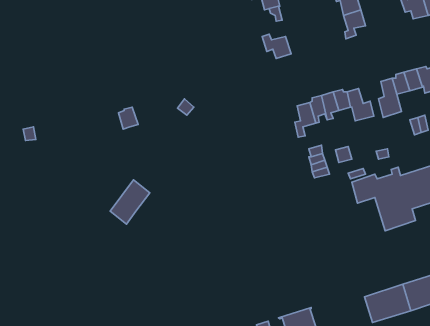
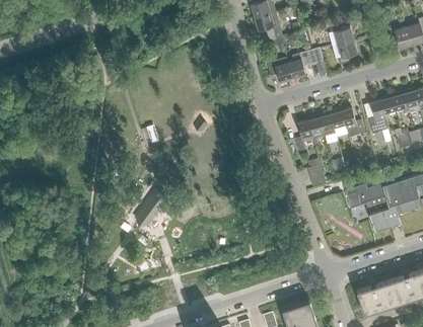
building: none -> [286,49,322,79]

